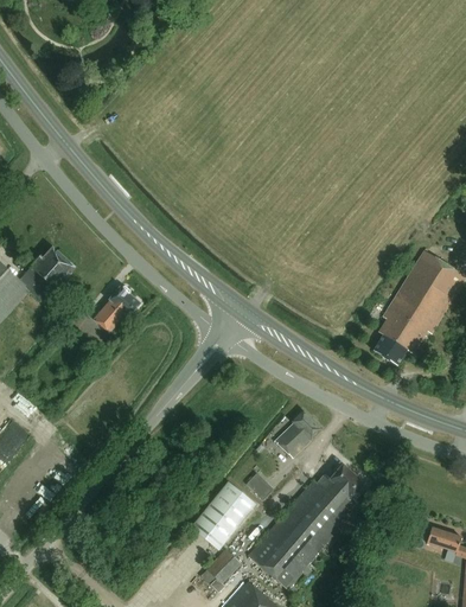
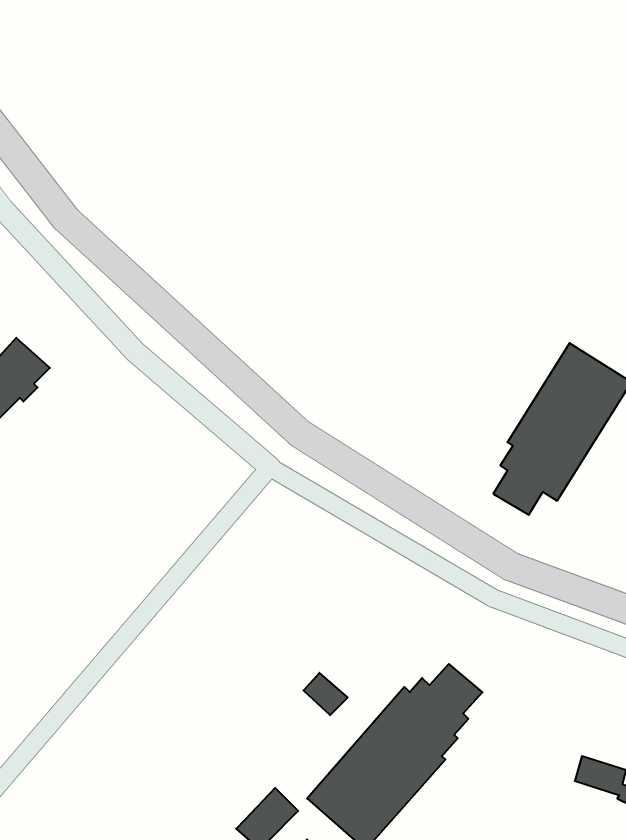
building: [94,286,140,332] -> none
building: [275,409,323,458] -> none
building: [191,481,256,550] -> none

